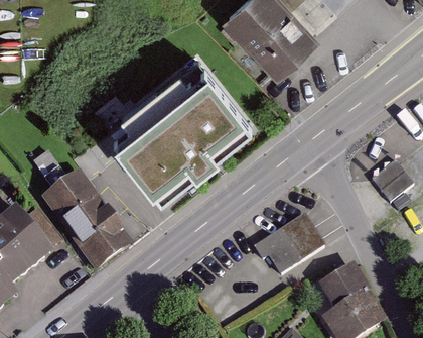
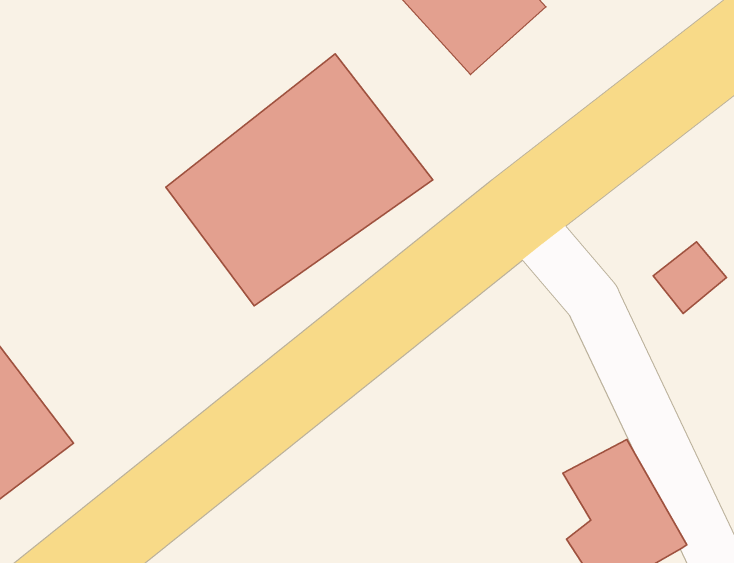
building: [42,175,126,267] -> none
building: [250,213,321,272] -> none

